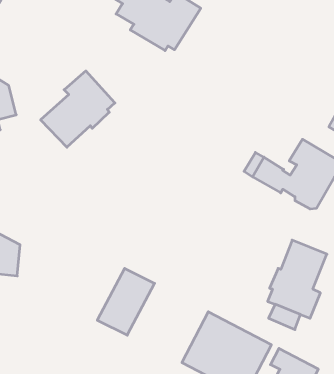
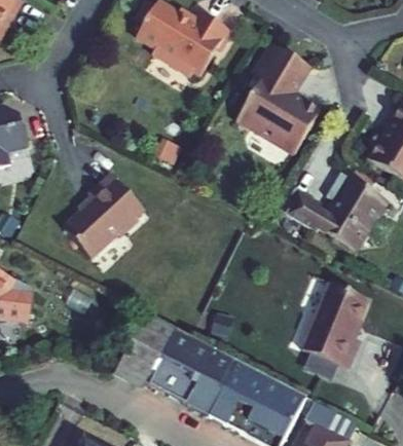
building: none -> [237,42,321,152]
building: [41,71,115,147] -> [63,174,144,257]
building: none -> [149,329,237,415]

